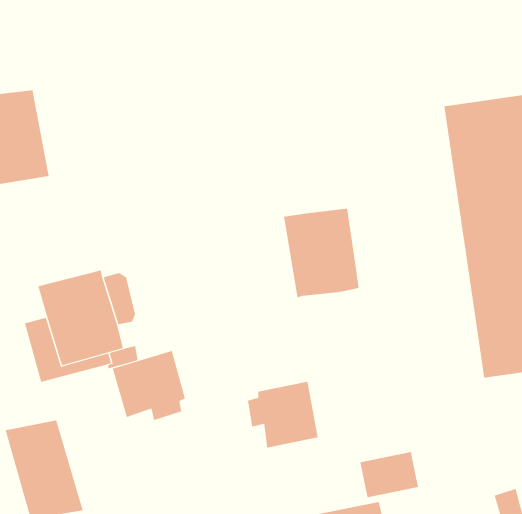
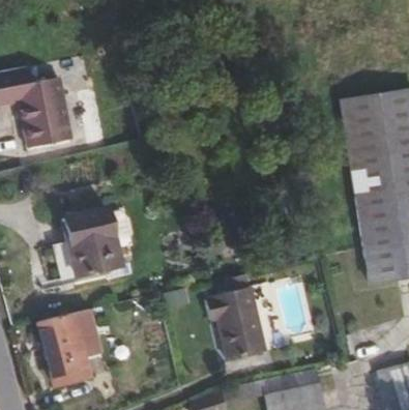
building: [284,208,359,298] -> none
building: [112,350,186,421] -> none
building: [359,452,419,498] -> [220,326,261,358]

